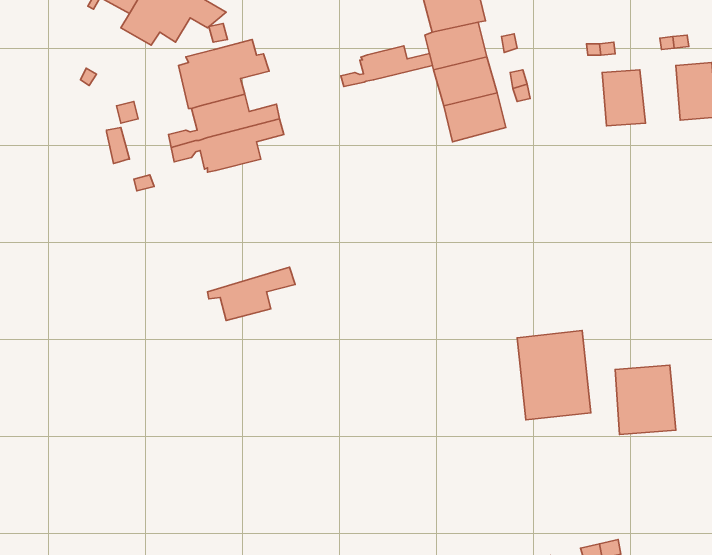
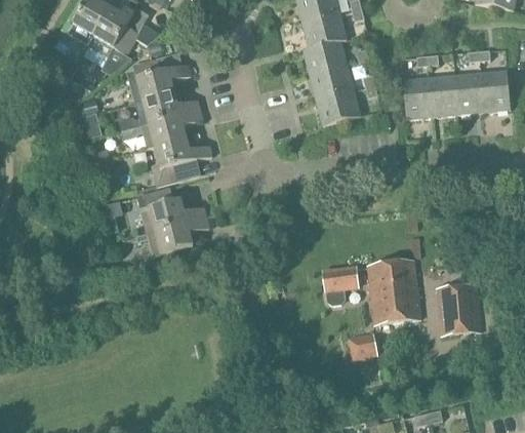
building: [341,46,432,87] -> none
building: none -> [455,71,484,112]
building: none -> [402,76,432,117]
building: none -> [152,137,212,184]
building: none -> [136,186,206,232]
building: none -> [323,265,359,289]
building: none -> [349,332,378,358]

